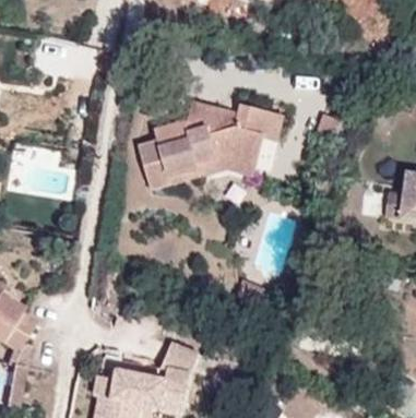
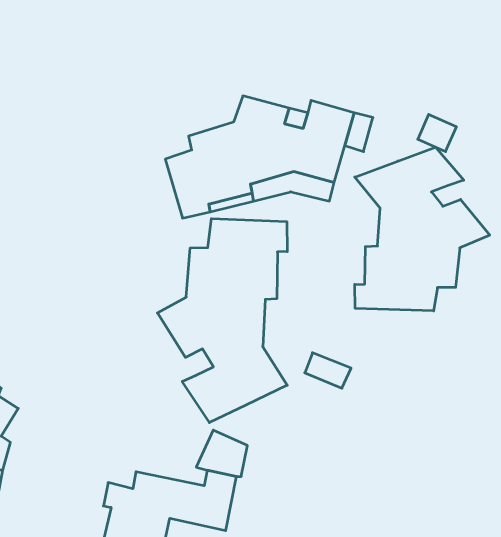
building: none -> [355,147,490,311]
building: none -> [157,219,287,423]

